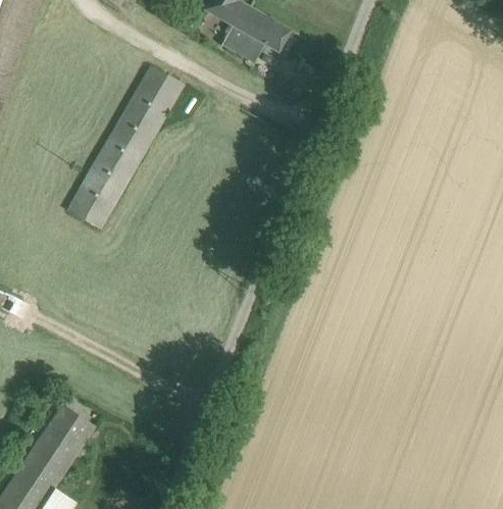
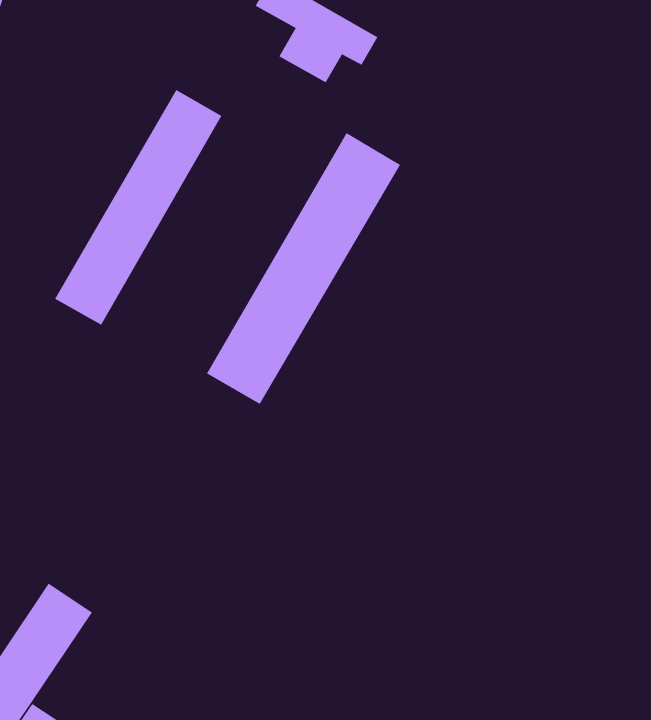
building: none -> [206,132,401,405]

